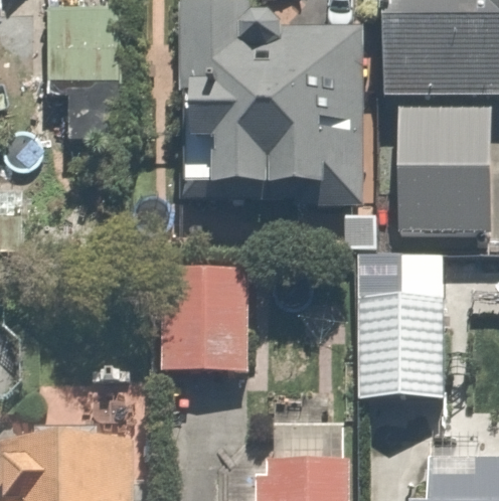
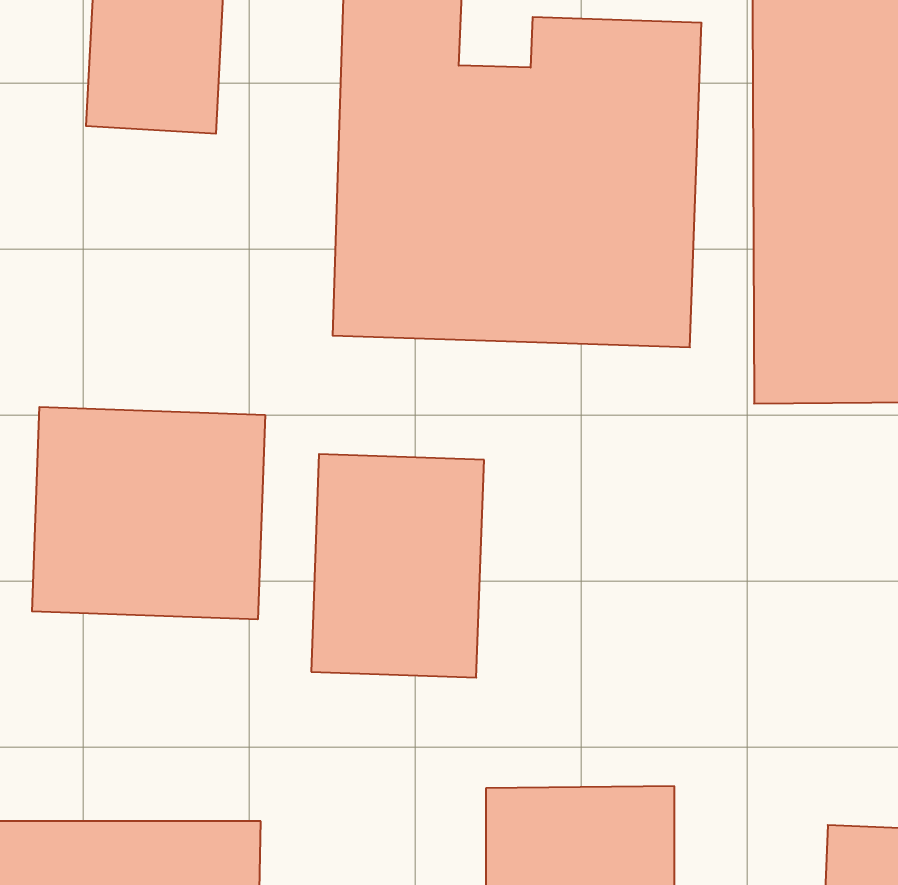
building: none -> [32,407,265,619]
building: [356,292,452,409] -> none

